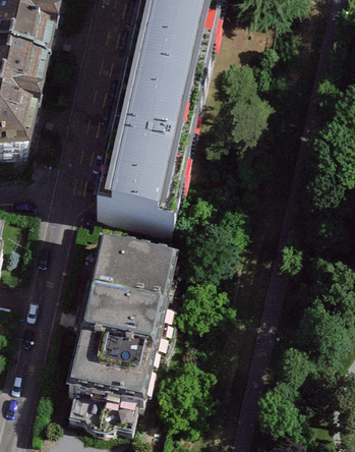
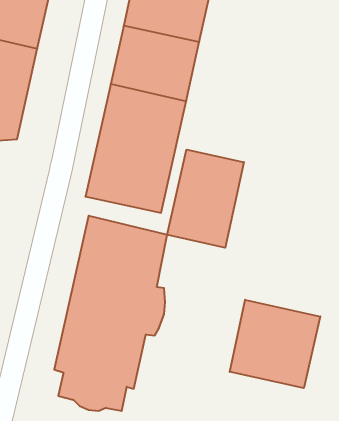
building: none -> [167,150,244,248]
building: none -> [230,300,320,388]

